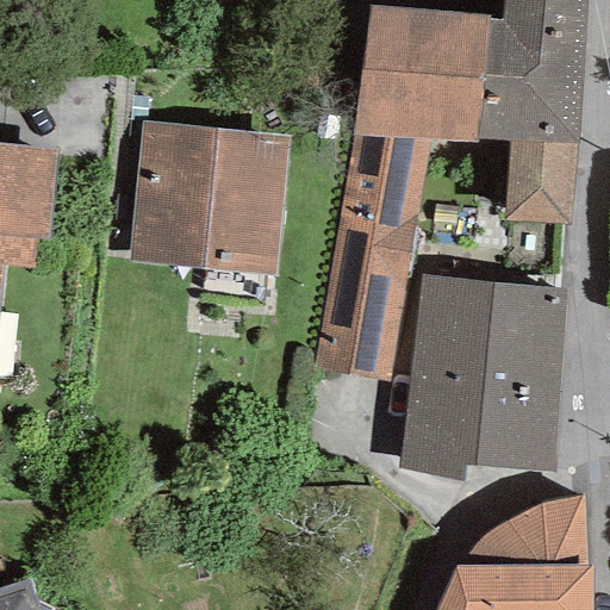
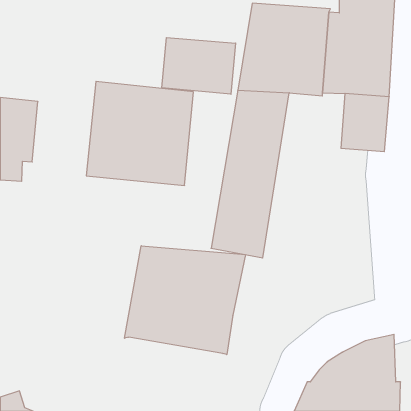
building: none -> [162,38,236,94]
building: [398,273,566,480] -> none
building: none -> [125,246,245,355]

